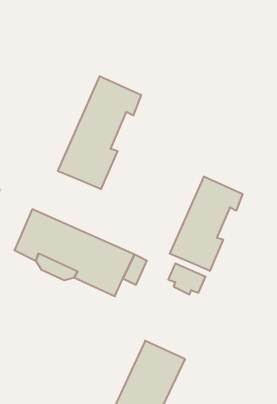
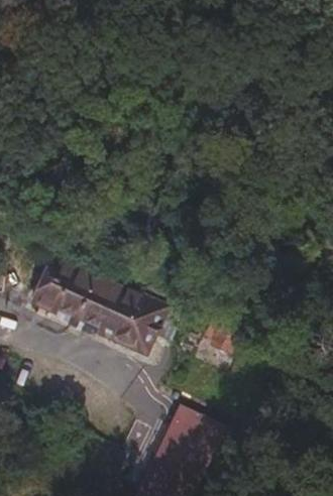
building: [58,76,141,189] -> none
building: [170,176,242,271] -> none

